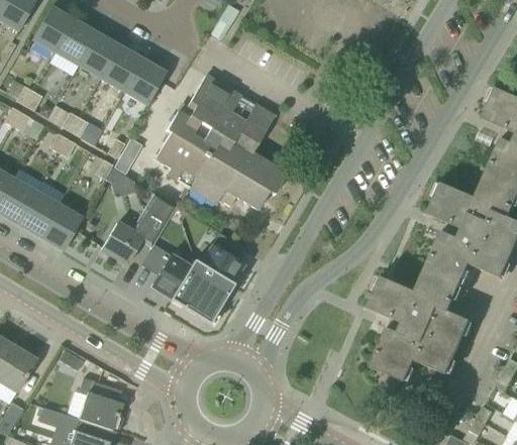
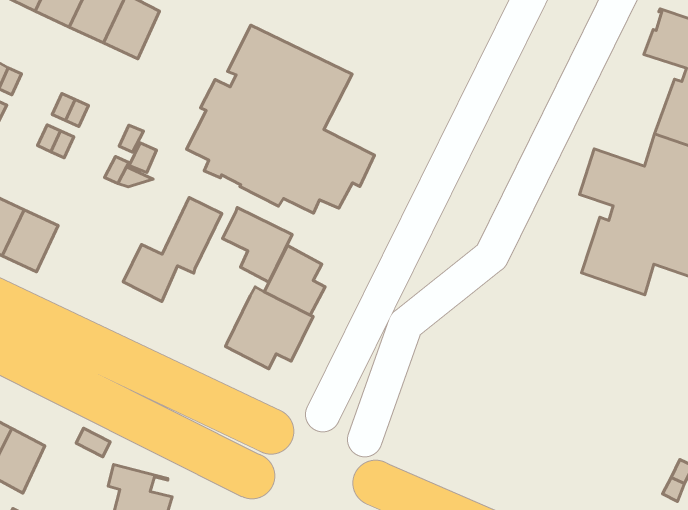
building: [124,60,166,105] -> none
building: [40,196,82,250] -> none
building: [140,243,190,298] -> [222,207,292,282]
building: [368,268,471,381] -> none

